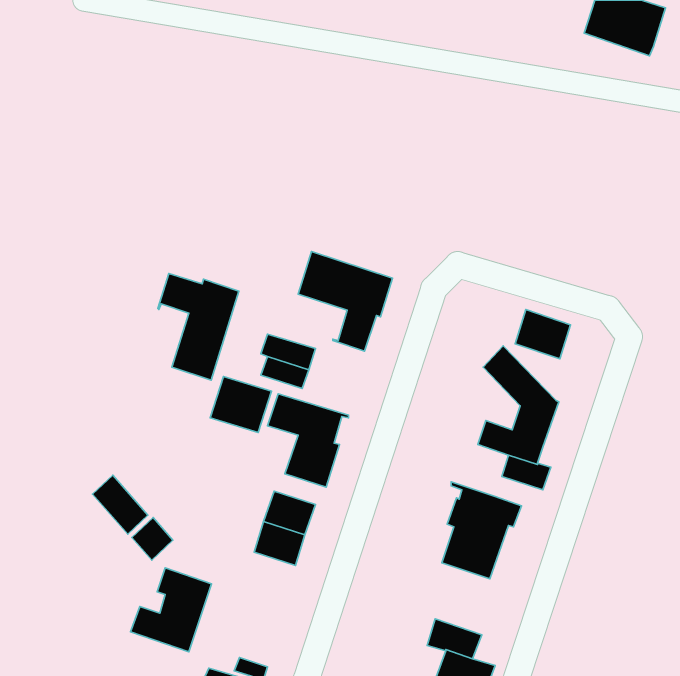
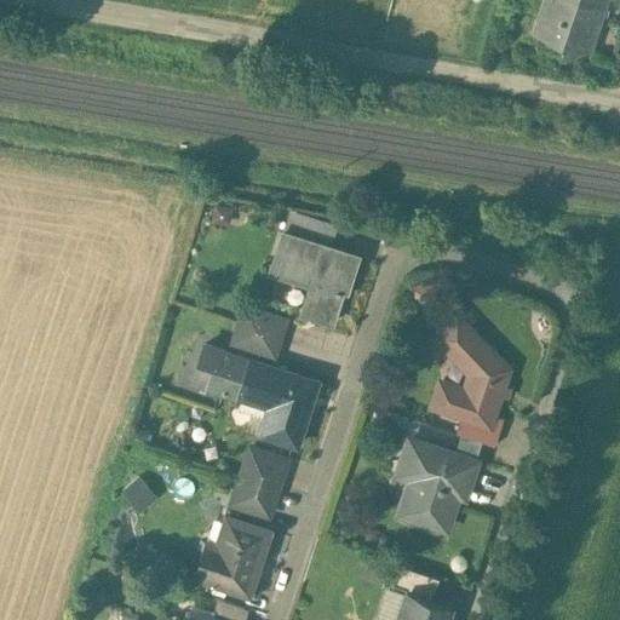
building: [158,273,239,380] -> none
building: [515,310,571,359] -> none
building: [93,475,148,534] -> none
building: [130,568,212,652] -> [195,519,269,596]

